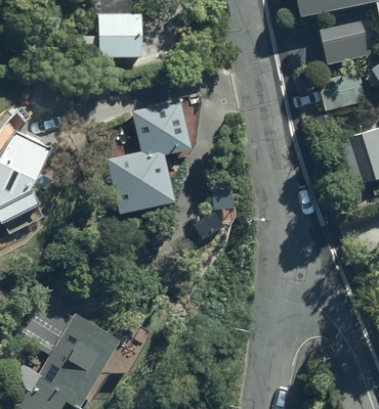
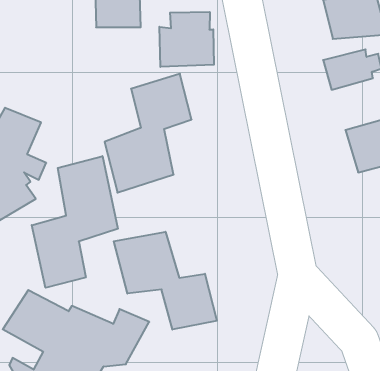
building: none -> [159,12,214,67]
building: none -> [32,156,118,288]
building: none -> [114,232,217,330]

